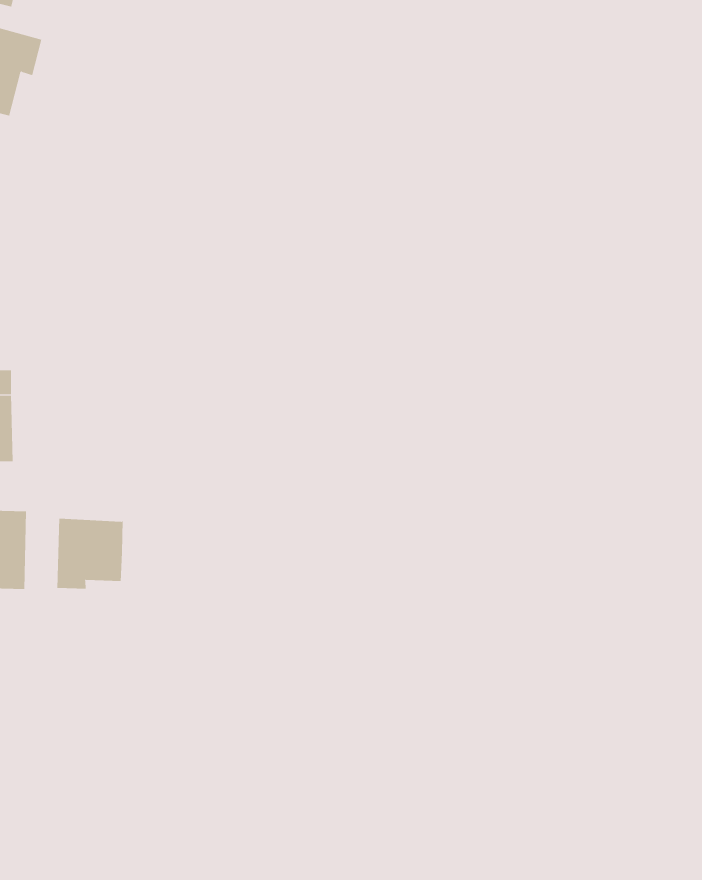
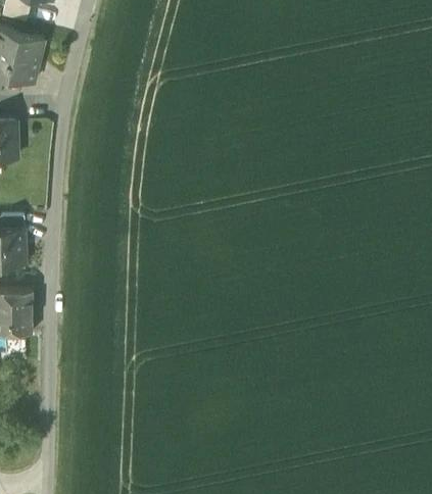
building: [57,518,123,590] -> none

